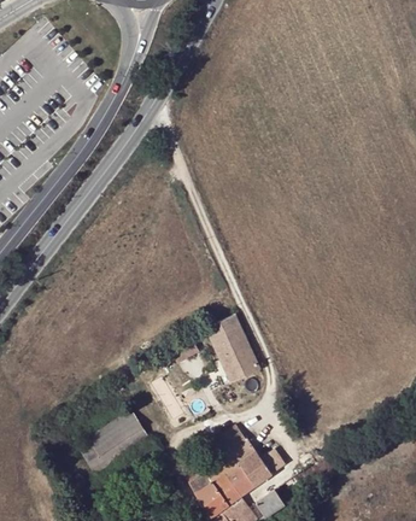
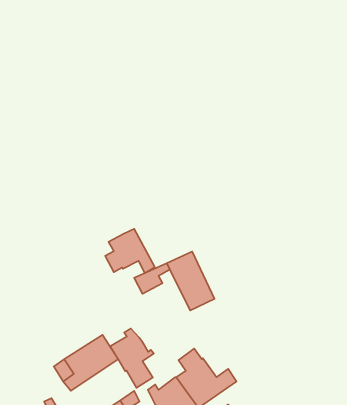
building: none -> [105,229,155,273]
building: none -> [111,328,154,388]

